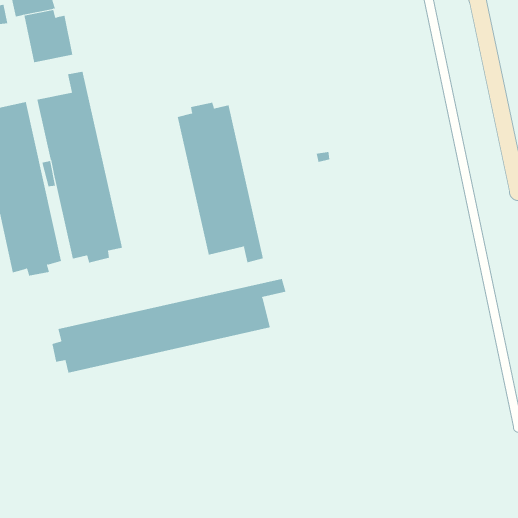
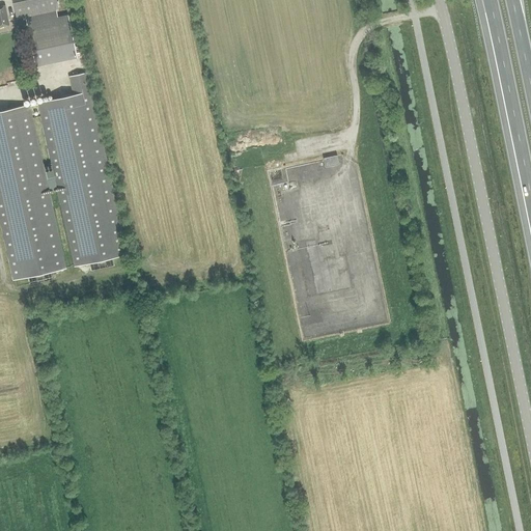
building: [177,102,264,263] -> none
building: [52,278,286,373] -> none

